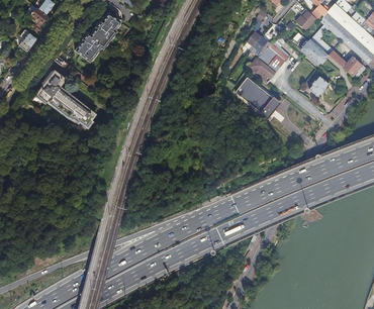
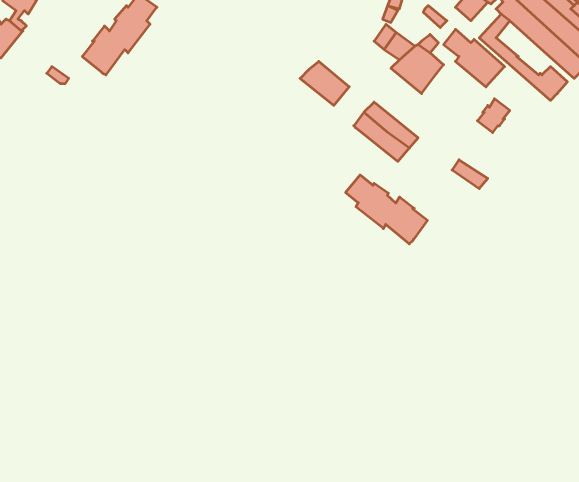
building: [248,58,277,84] -> [300,61,349,105]
building: [34,71,95,124] -> none
building: none -> [346,175,427,244]

